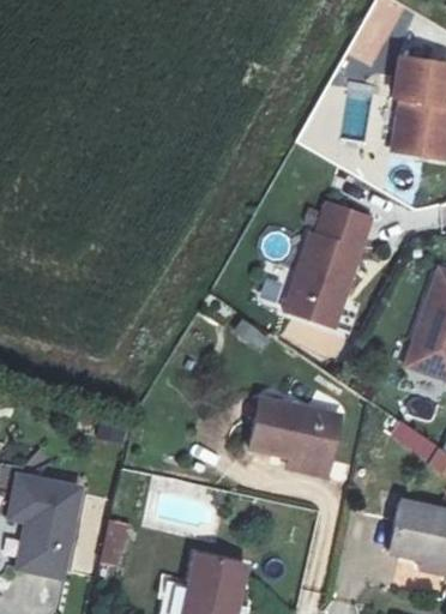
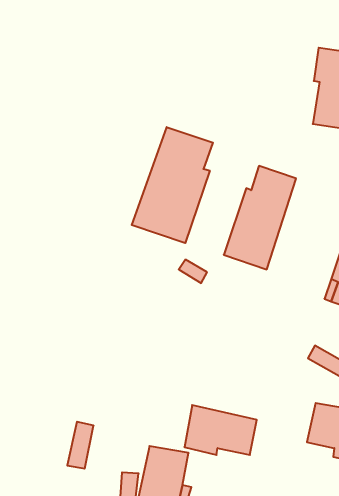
building: none -> [132,127,213,243]
building: [247,397,336,458] -> [184,405,257,455]
building: [16,472,84,572] -> none

